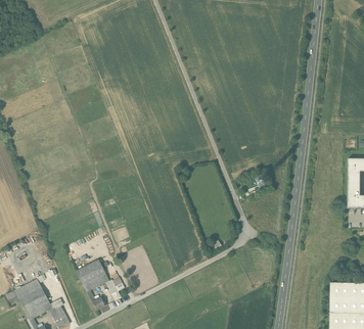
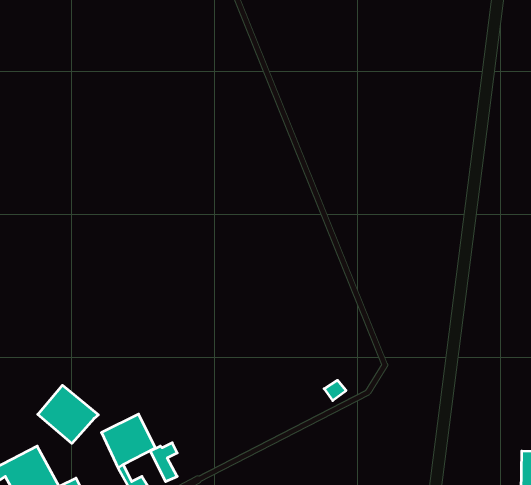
building: none -> [38,385,98,443]

